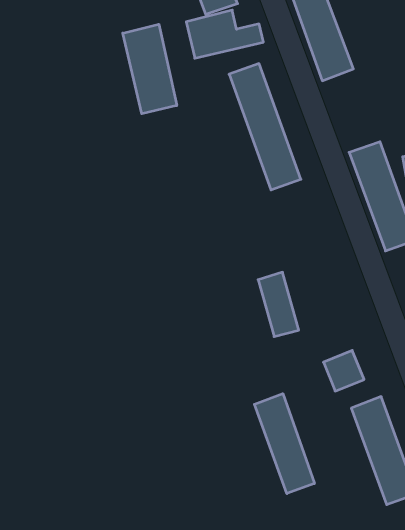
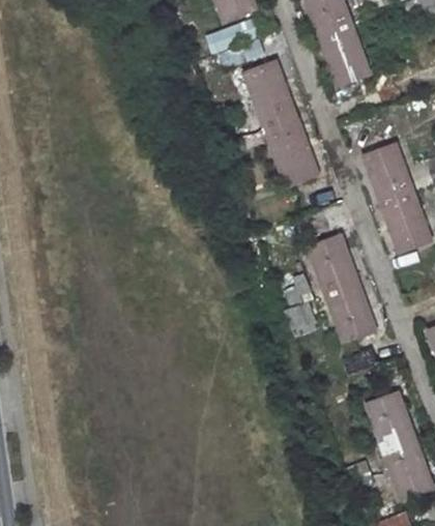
building: [123,24,177,114] -> none
building: none -> [311,238,374,343]
building: [254,394,314,494] -> none

